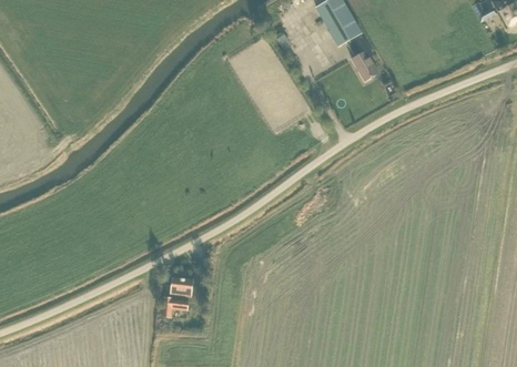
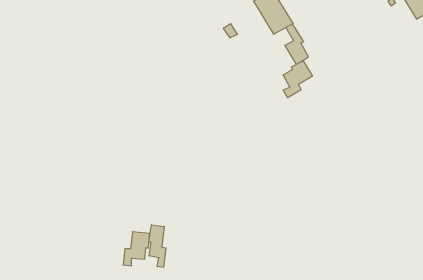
building: none -> [283,61,312,98]
building: none -> [149,225,166,267]

